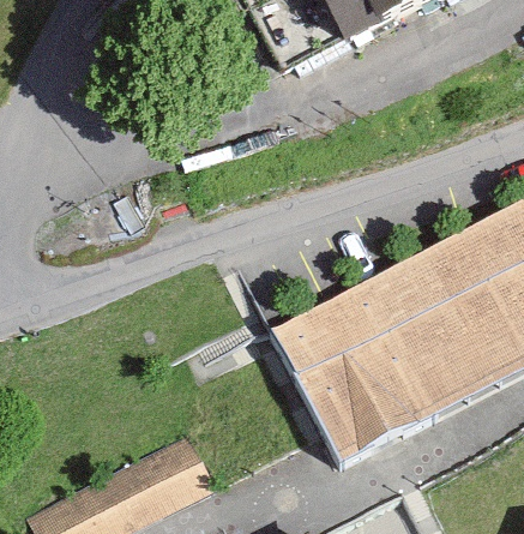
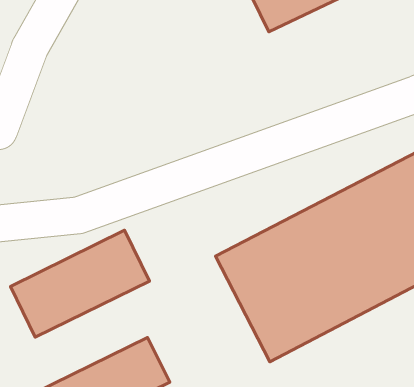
building: none -> [10,230,149,337]

